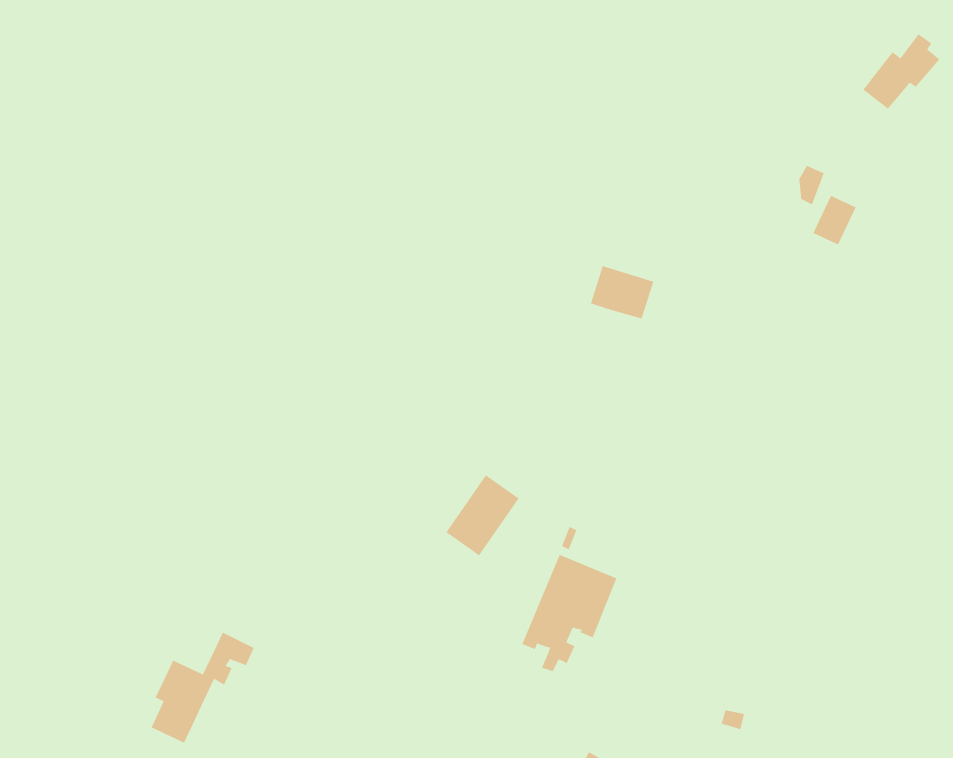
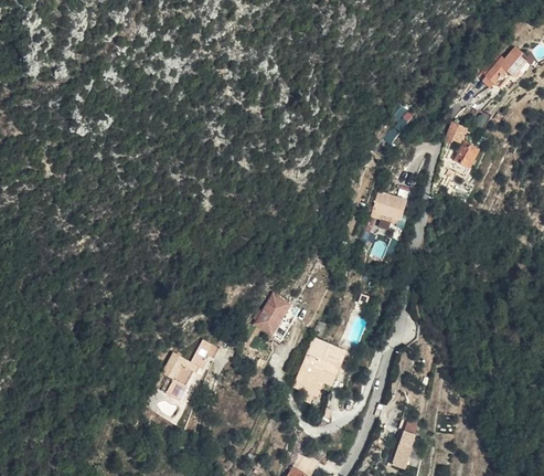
building: [590,265,654,319] -> [371,192,406,222]
building: [151,632,254,743] -> [161,339,218,401]

